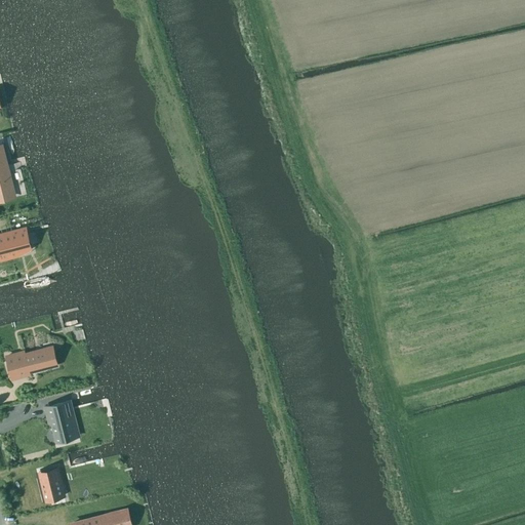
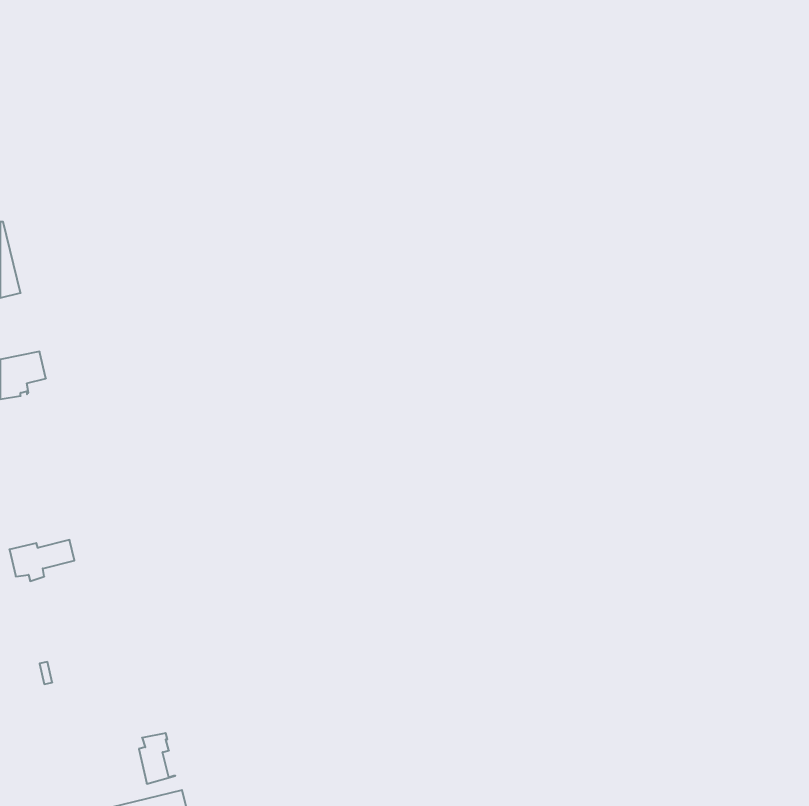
building: [44,401,73,443] -> none
building: [40,470,64,502] -> [139,733,175,784]

